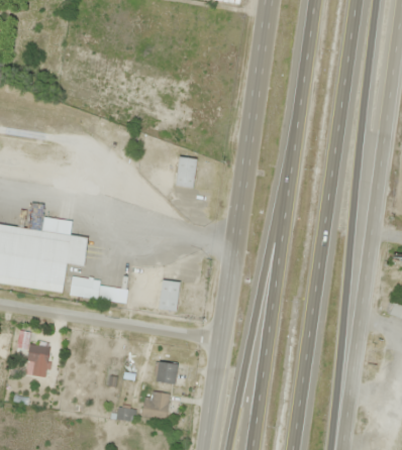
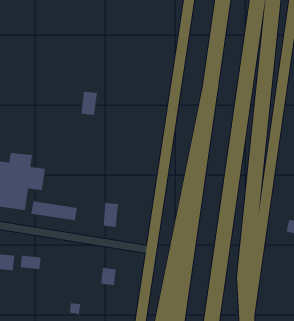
building: [176,156,197,188] -> [81,91,98,116]
building: none -> [20,255,41,270]
building: [141,391,170,421] -> none

